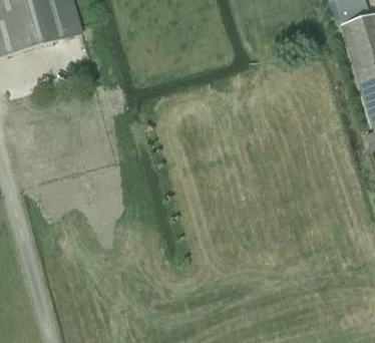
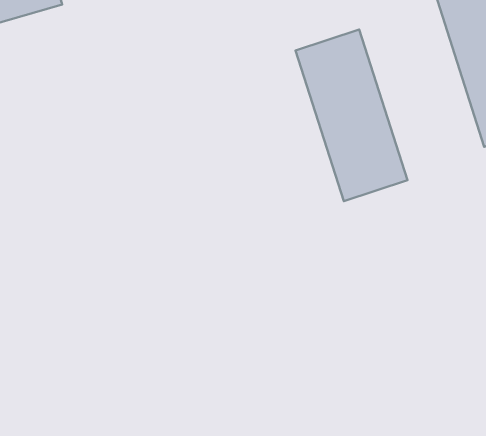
building: none -> [295,30,407,201]

